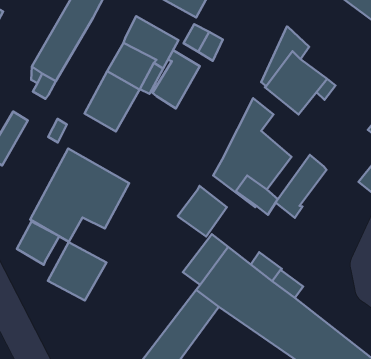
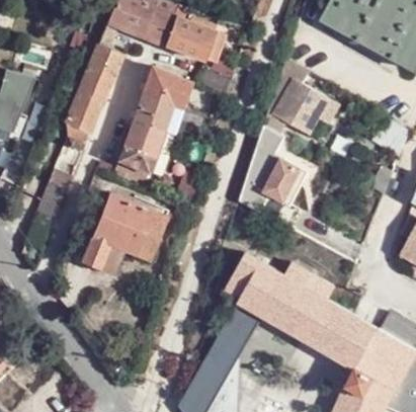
building: [152,50,200,108] -> none
building: [276,155,327,218] -> none
building: [178,186,227,236] -> none
building: [17,221,59,265] -> none
building: [48,242,107,301] -> none

